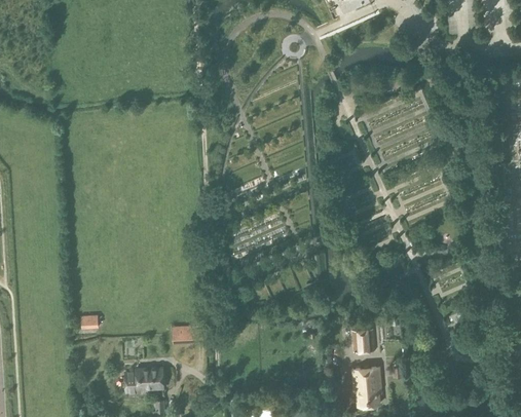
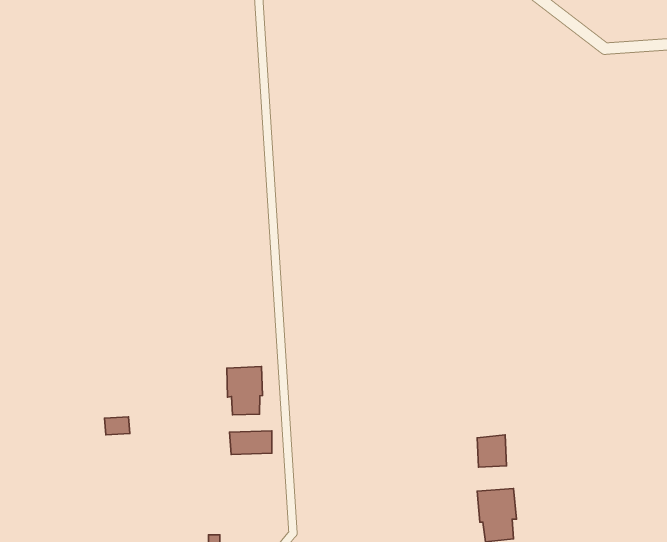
building: none -> [227,366,262,415]
building: [124,368,163,393] -> none

